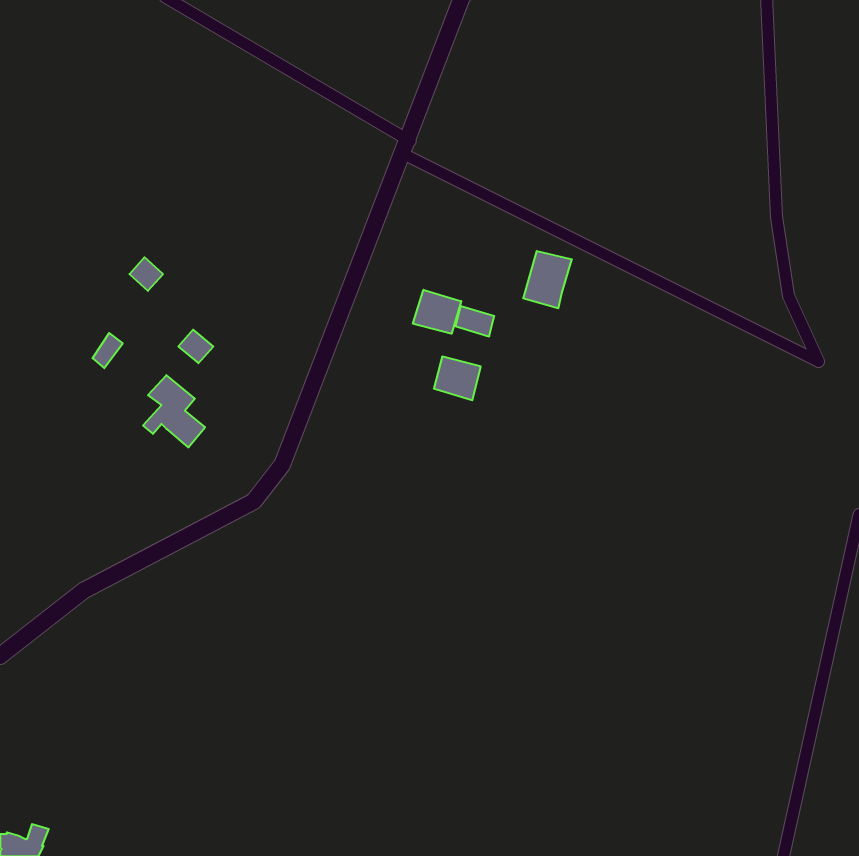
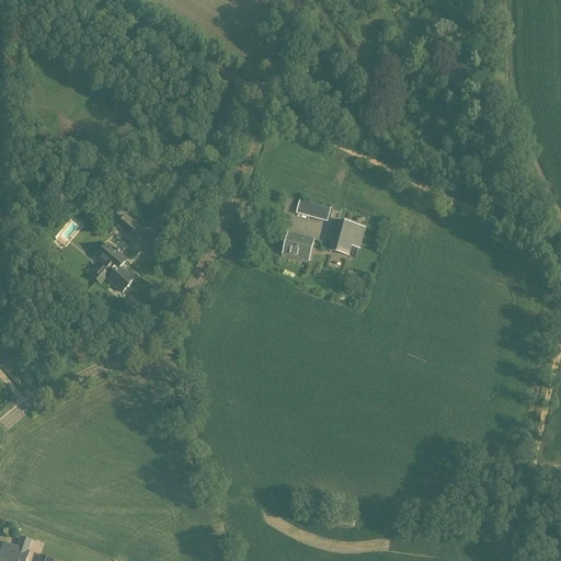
building: [523,251,572,308] -> [327,219,358,256]
building: [413,290,461,334] -> none

